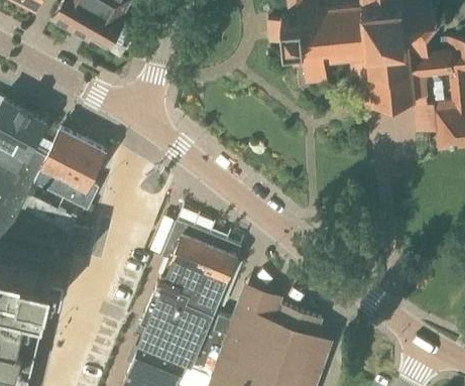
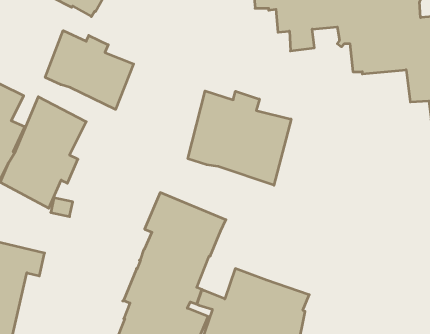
building: none -> [45,31,134,109]
building: none -> [188,91,291,185]

